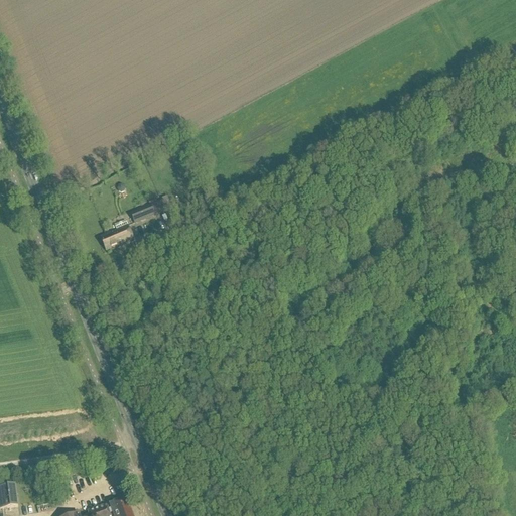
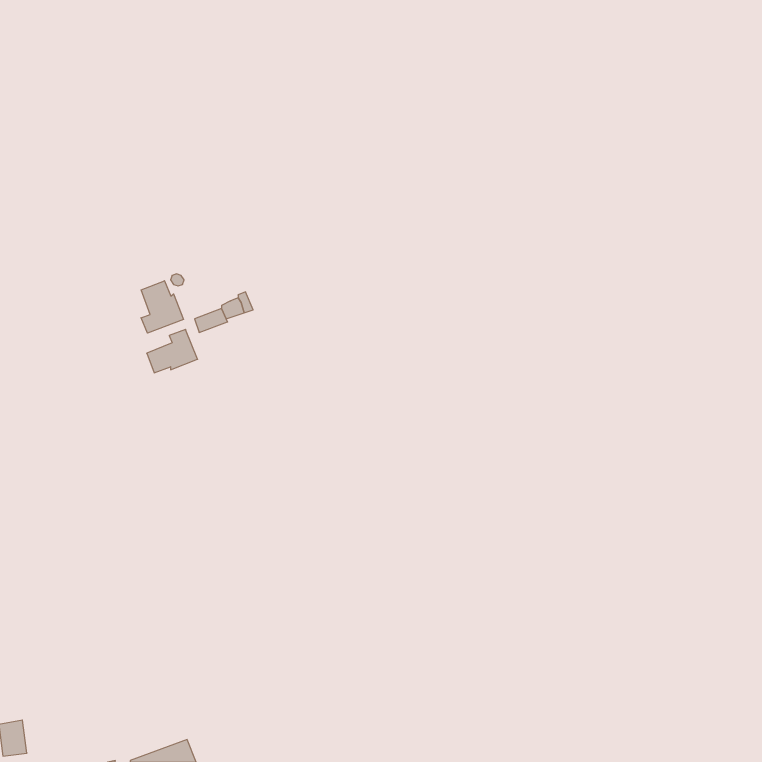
building: none -> [141,281,184,333]

